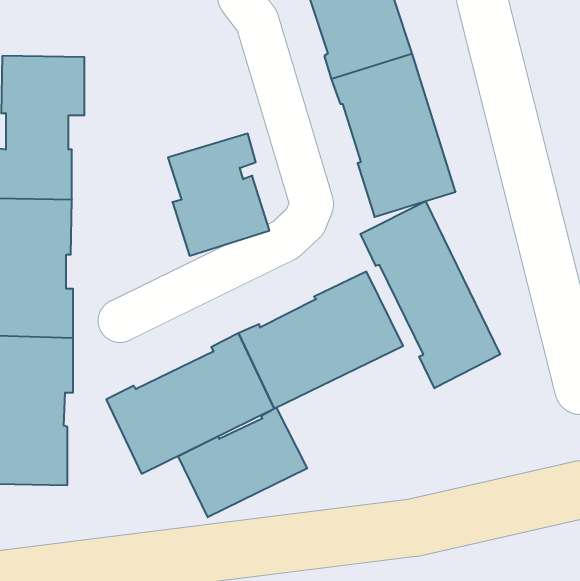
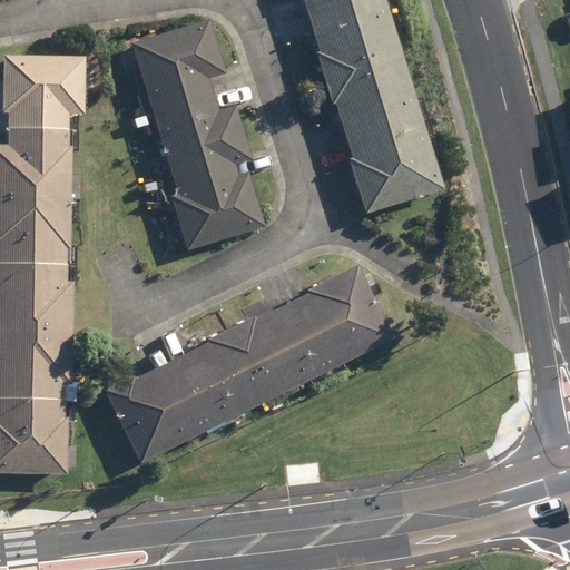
building: none -> [129,19,242,154]
building: [360,201,500,388] -> none
building: [178,408,307,517] -> none

